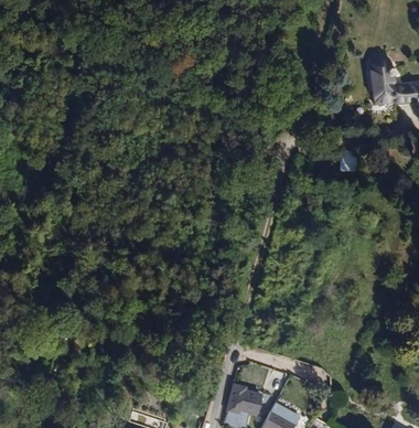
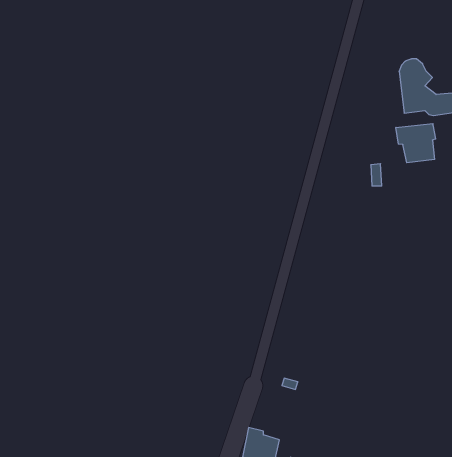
building: none -> [396,124,436,163]

